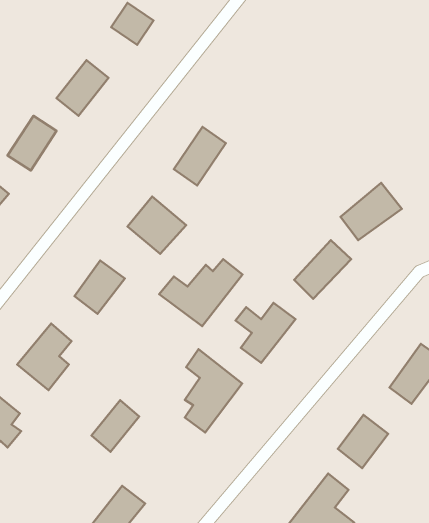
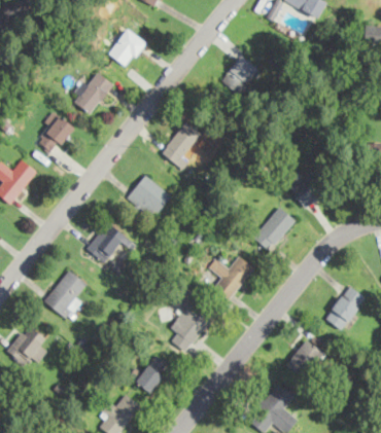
building: none -> [221,57,259,96]
building: [159,259,243,326] -> none
building: [91,400,139,452] -> [135,355,171,394]

